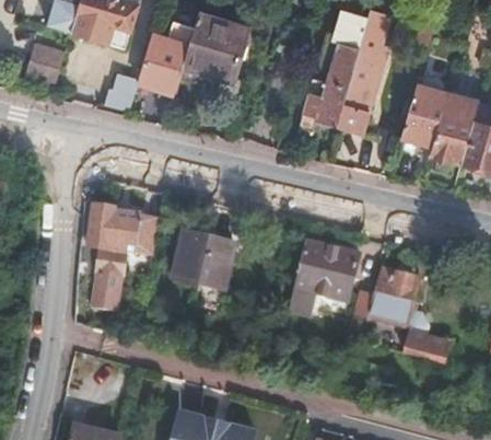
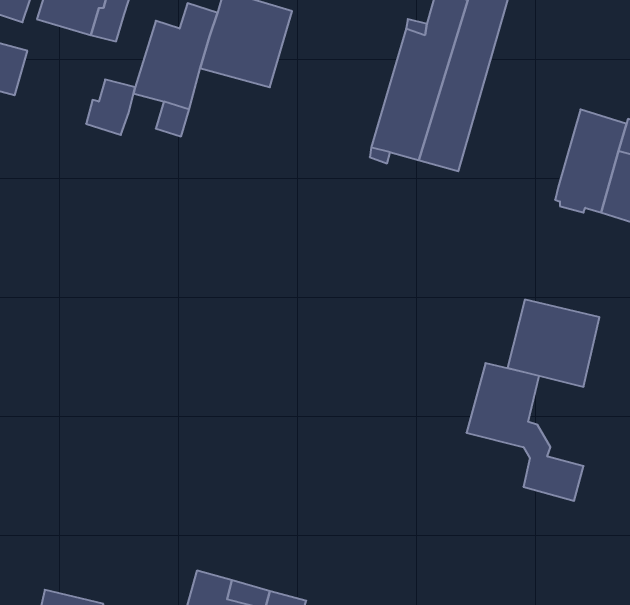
building: [400,84,446,147] -> none
building: [90,206,159,292] -> none
building: [174,231,235,289] -> none
building: [295,241,359,301] -> [507,300,599,387]

